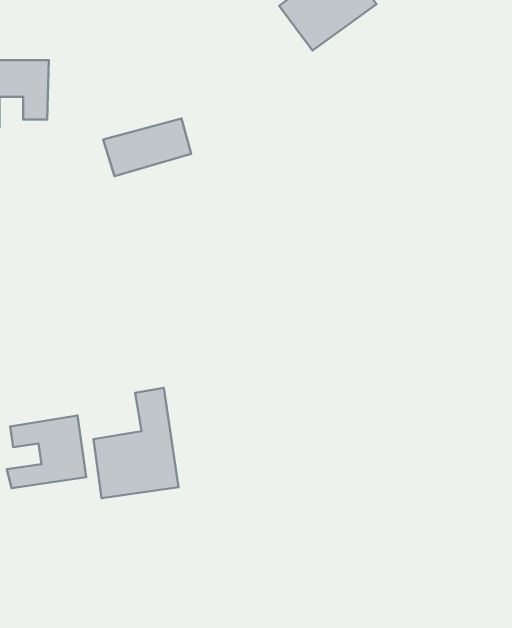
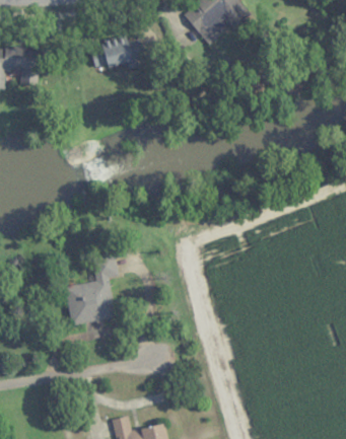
building: [103,119,191,176] -> [89,34,145,71]
building: [7,416,86,488] -> none

